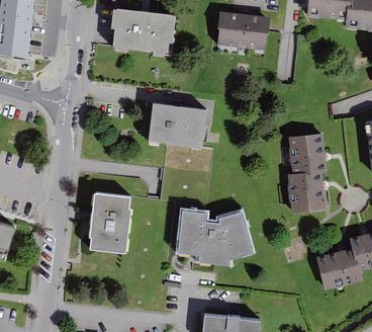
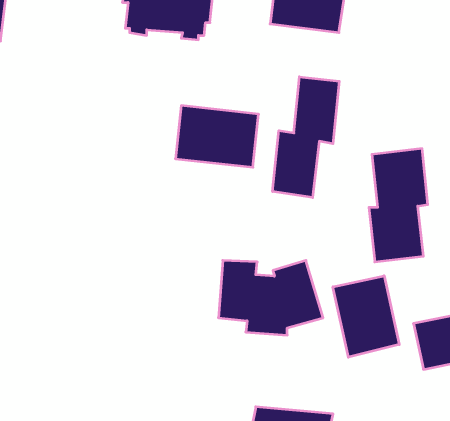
building: none -> [273,77,339,198]
building: [89,191,130,251] -> none
building: none -> [333,276,399,357]

